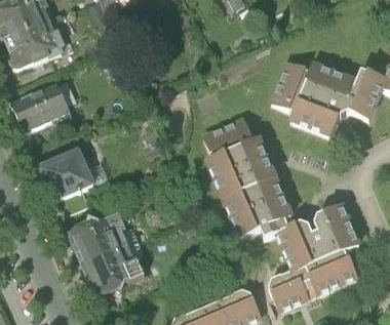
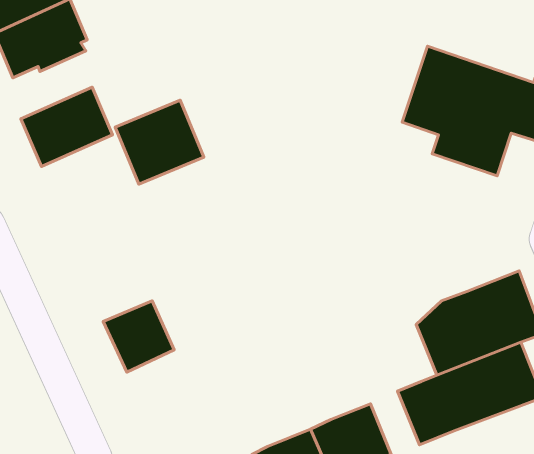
building: [197,118,291,241] -> none
building: [41,148,99,202] -> [115,100,204,184]
building: [87,251,147,296] -> none

